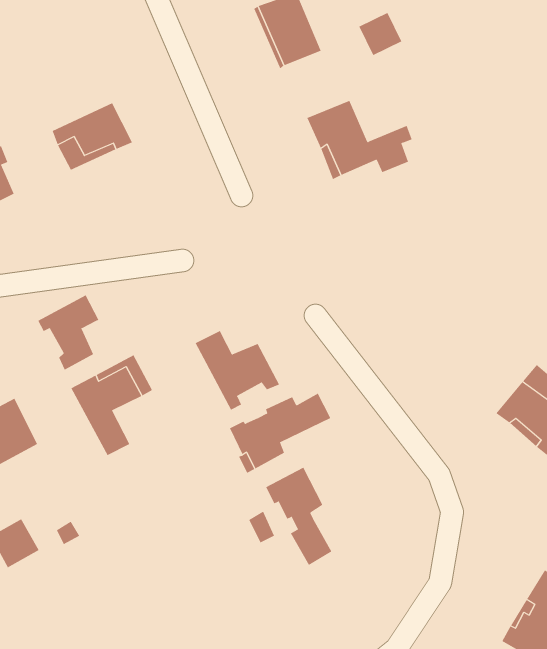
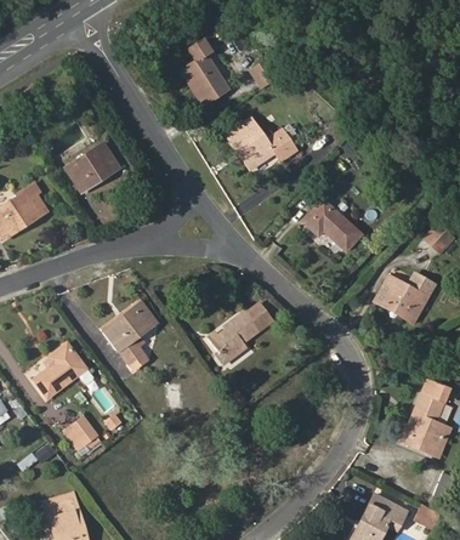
building: none -> [301,199,360,251]
building: [37,294,99,370] -> none
building: [195,330,280,411] -> none
building: [266,467,332,566] -> none

